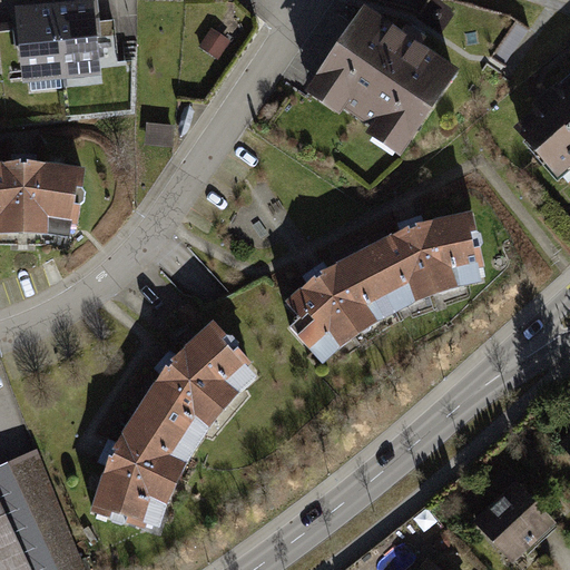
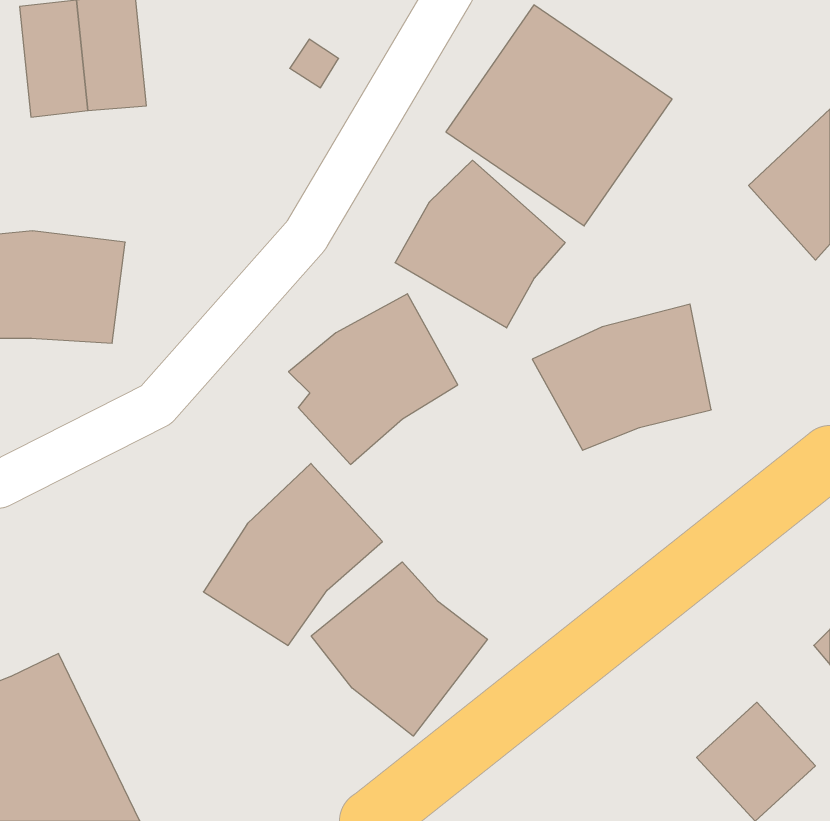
building: none -> [395,160,565,328]
building: [283,246,399,363] -> [289,294,458,464]
building: none -> [311,562,487,736]
building: [90,405,197,532] -> none

